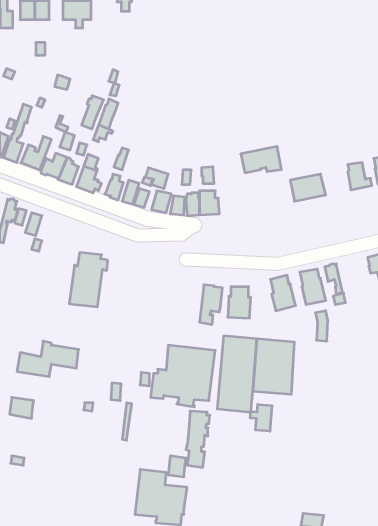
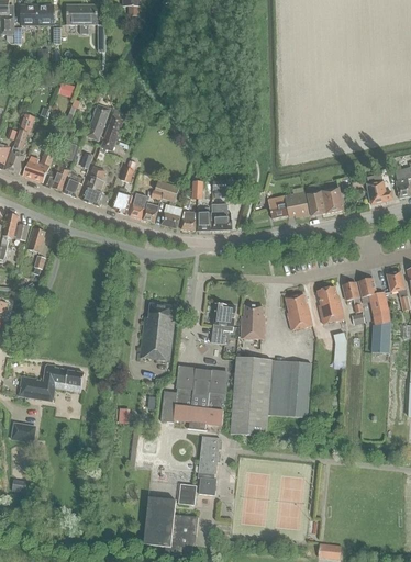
building: [241,147,281,173] -> [267,191,310,218]
building: [69,253,108,307] -> [138,303,179,360]
building: none -> [358,278,390,353]
building: [250,404,272,431] -> none

